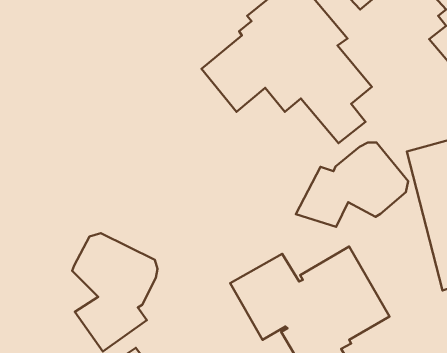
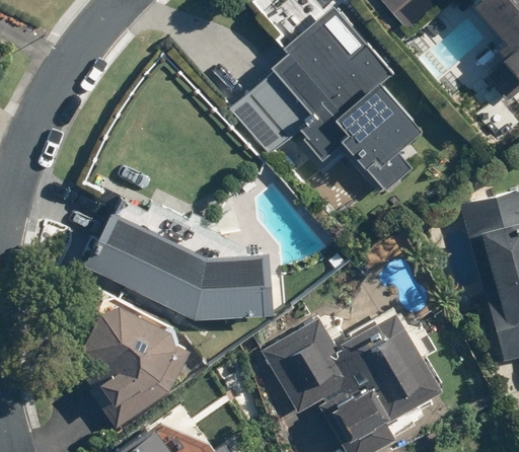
building: [296,142,408,227] -> none
building: none -> [85,211,276,320]

